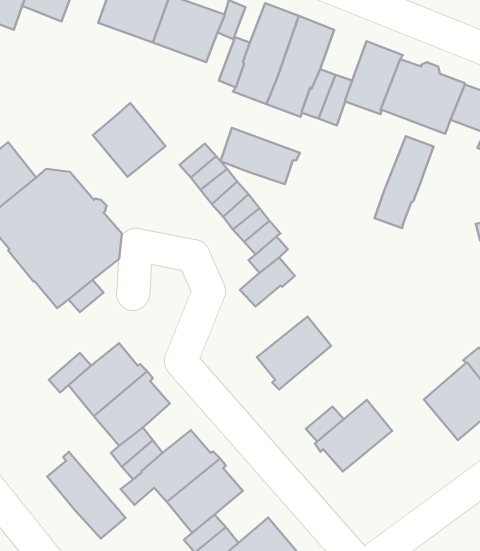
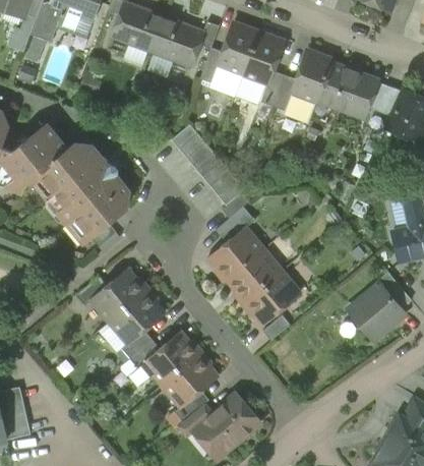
building: [93,103,166,177] -> none
building: [220,128,300,184] -> none
building: [375,136,434,228] -> none
building: none -> [209,228,264,282]
building: [315,400,392,472] -> [244,272,300,324]
building: [47,452,126,538] -> none

